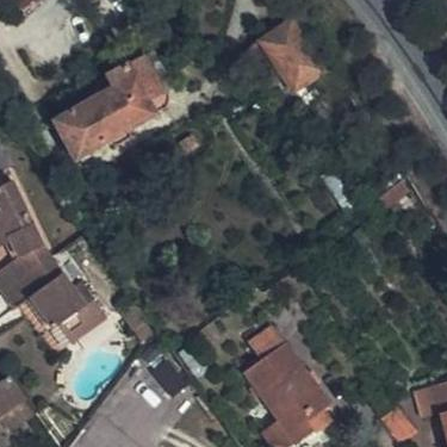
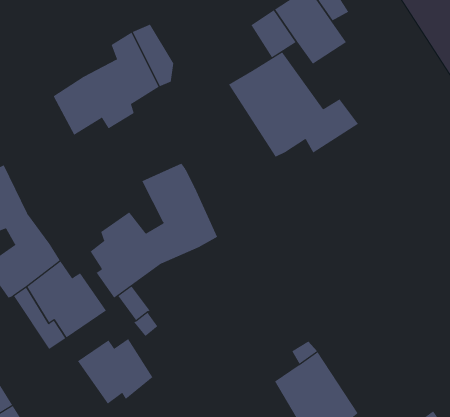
building: none -> [228,51,359,157]
building: none -> [90,163,218,298]
building: none -> [77,338,153,405]

